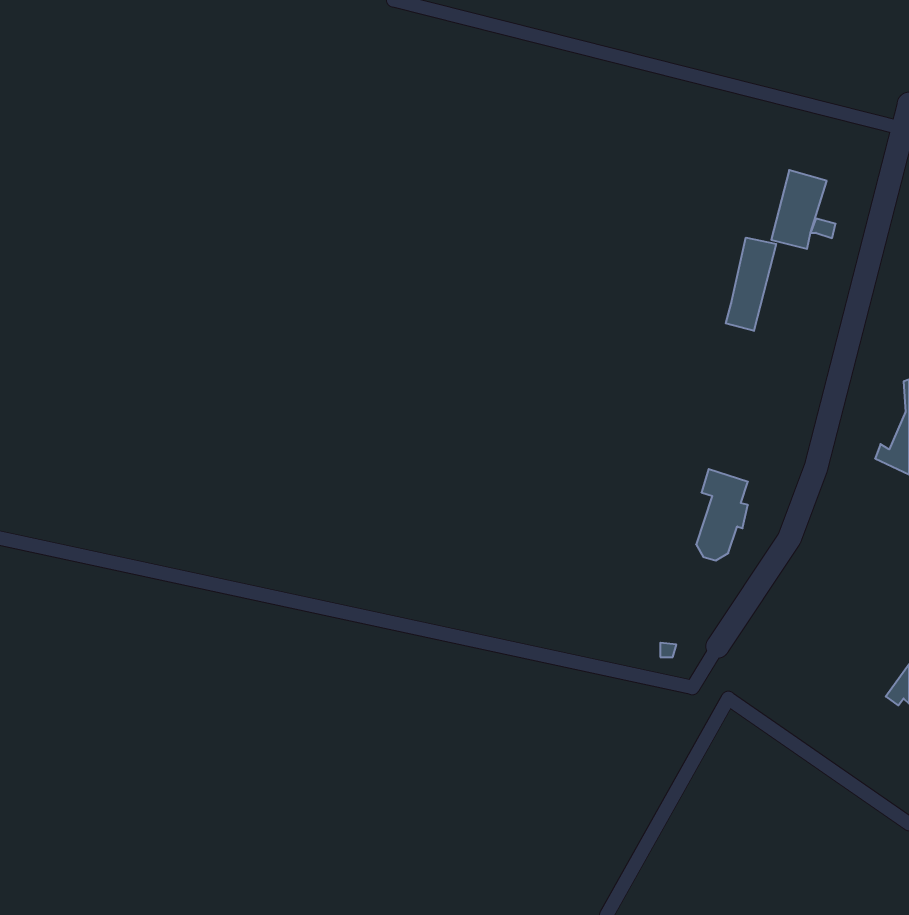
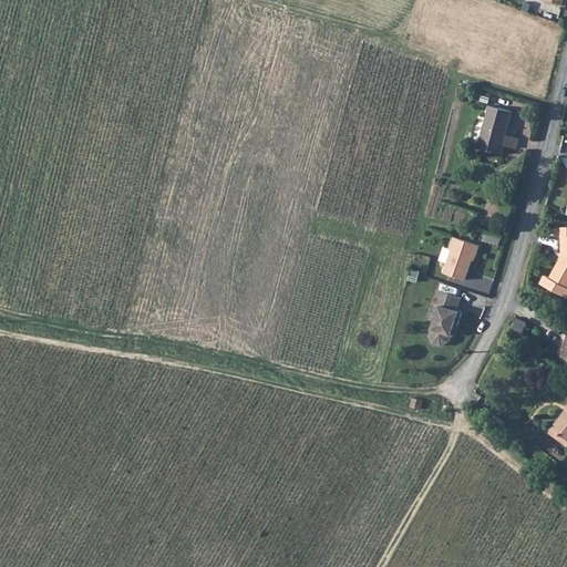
building: [726,238,776,331] -> none
building: none -> [443,237,478,279]

